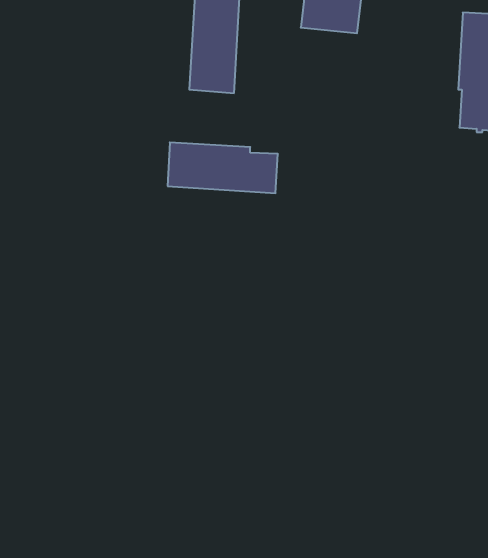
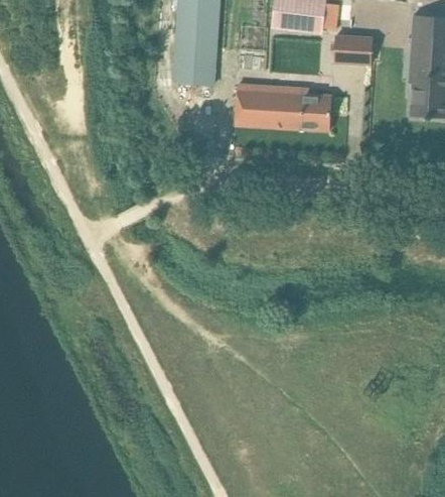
building: none -> [334,36,373,65]
building: [168,142,278,193] -> [236,86,332,130]

